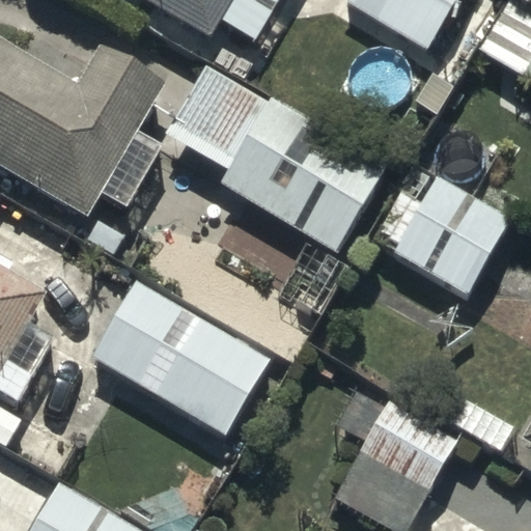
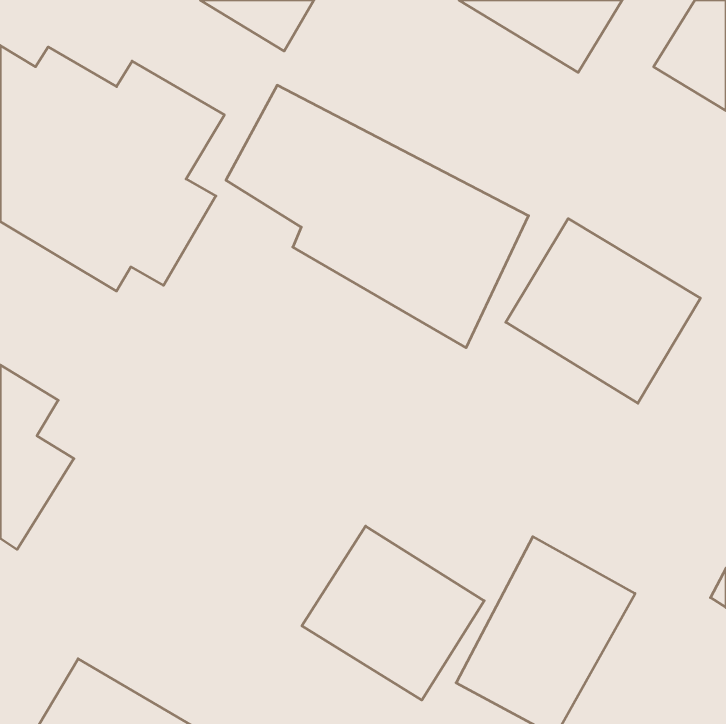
building: [80,271,272,442] -> none
building: none -> [302,526,484,700]

